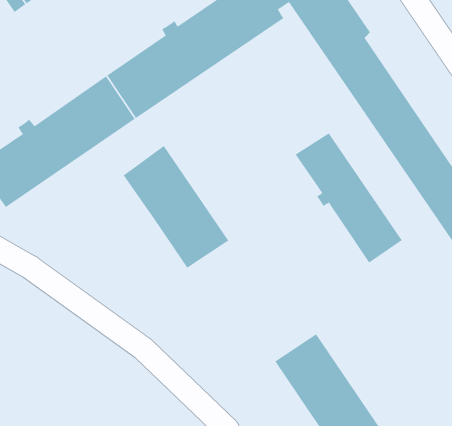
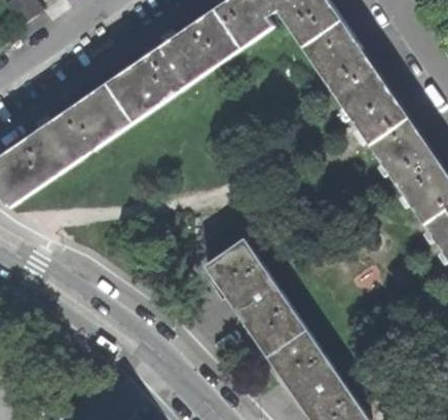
building: [295,132,403,264] -> none
building: [123,145,229,269] -> [206,236,306,353]

